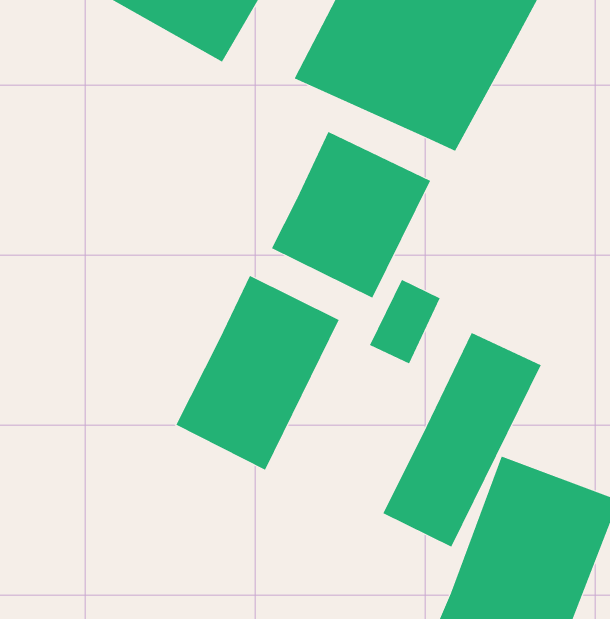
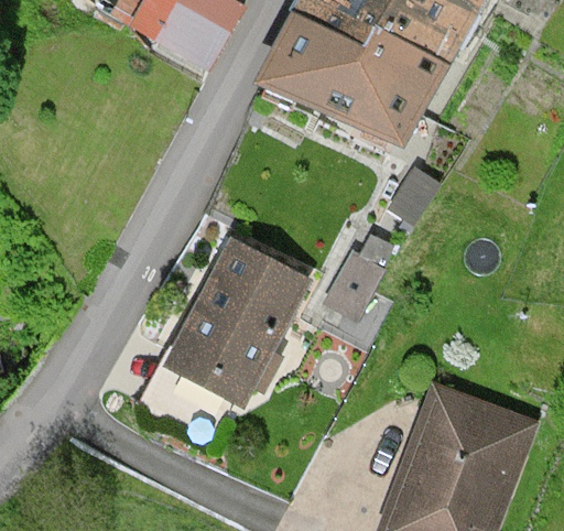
building: [271,131,431,298] -> none
building: [383,332,542,548] -> none

